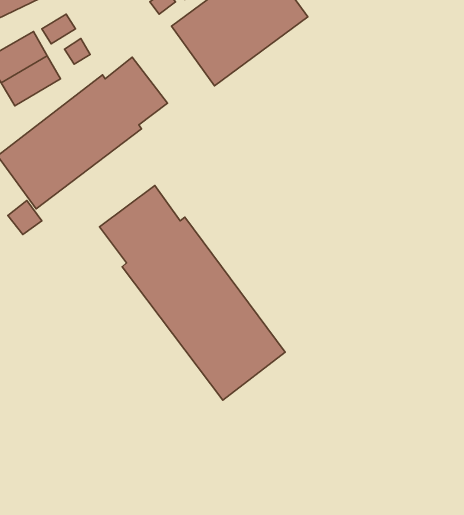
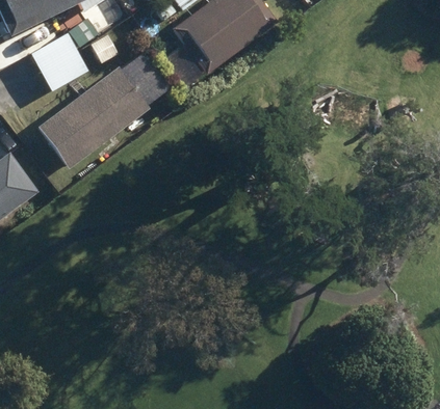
building: [99,185,285,400] -> none

